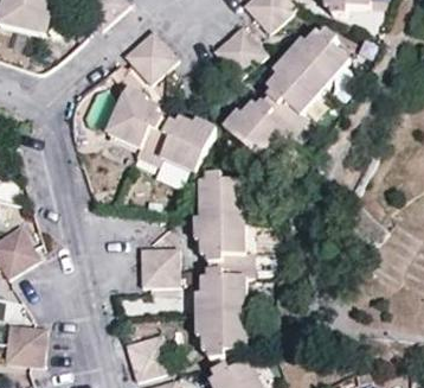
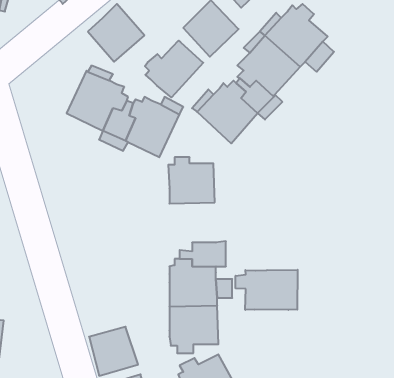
building: none -> [145,41,203,97]
building: [200,215,244,261] -> none
building: [141,248,178,285] -> none
building: none -> [236,270,298,310]

